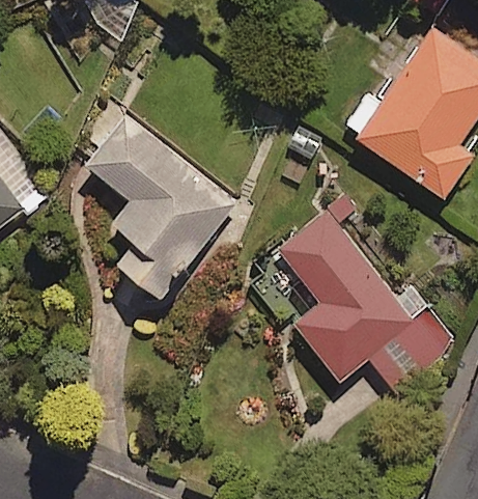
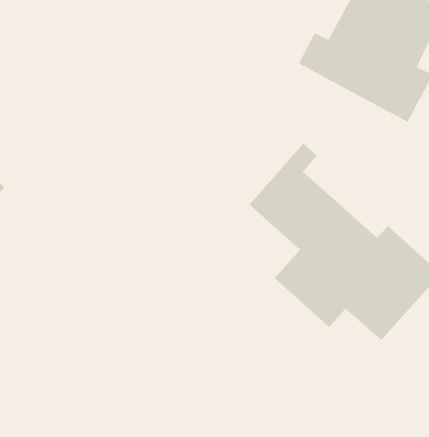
building: [82,113,233,297] -> none

